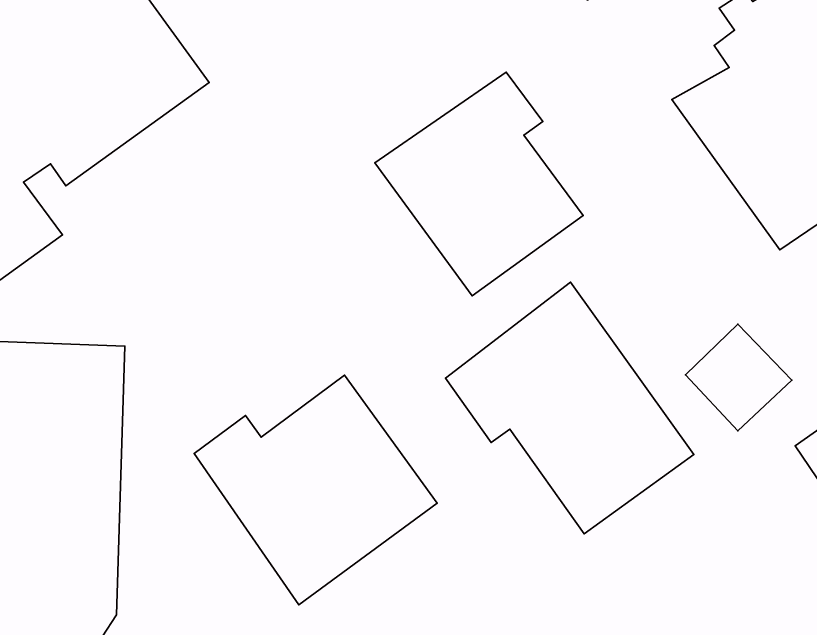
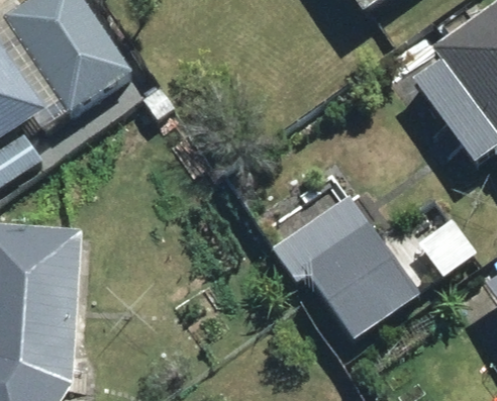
building: [375,72,583,296] -> none
building: [194,375,437,605] -> none

